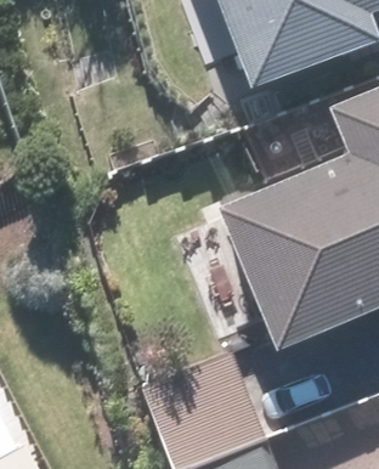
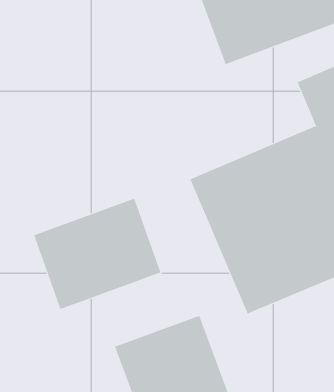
building: none -> [33,198,161,310]

